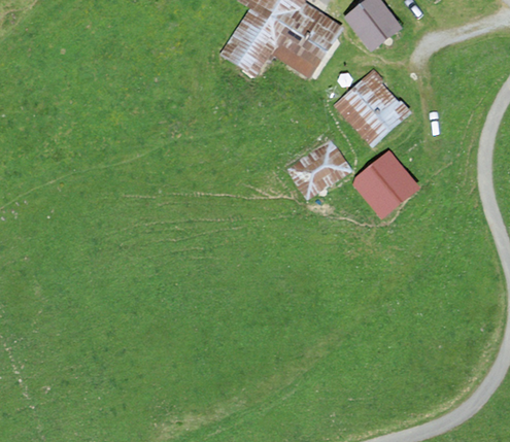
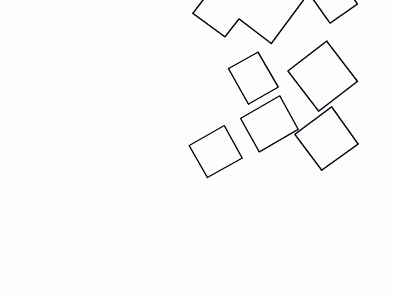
building: none -> [228,52,278,104]
building: none -> [189,126,242,178]

